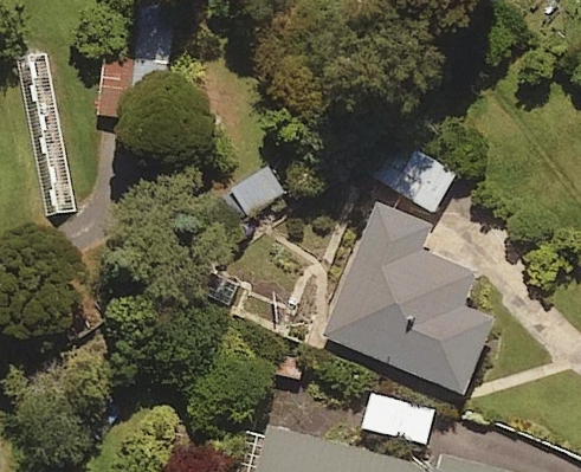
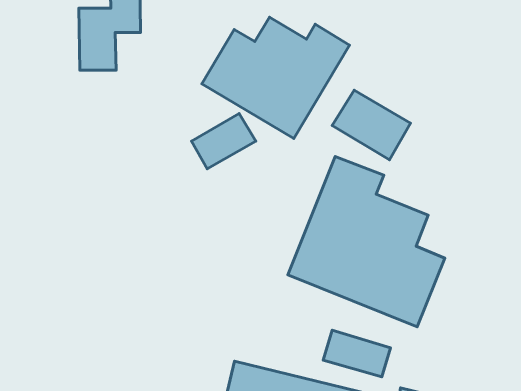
building: none -> [202,17,349,139]

